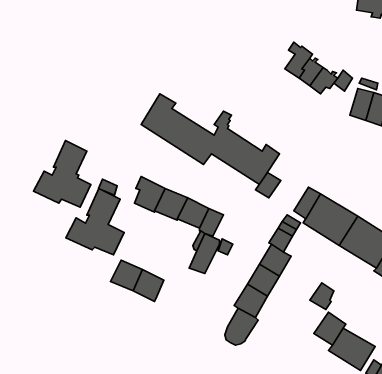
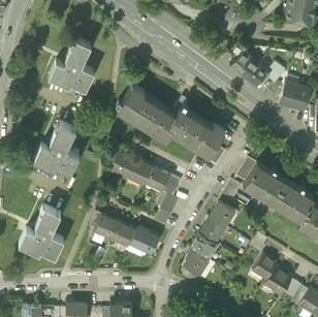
building: none -> [49,36,93,88]
building: [66,188,124,255] -> [18,205,63,257]
building: none -> [128,224,159,253]

